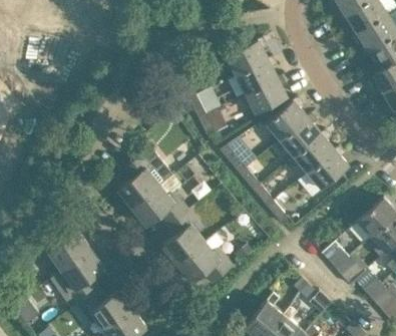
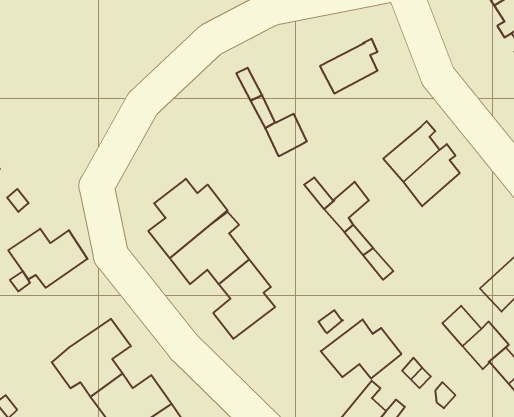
building: [227,37,268,75] -> none
building: [247,75,287,113] -> none
building: [267,97,307,139] -> none
building: [308,146,349,189] -> none
building: [36,230,91,271] -> [8,229,88,288]
building: [176,243,233,284] -> [321,319,401,379]

